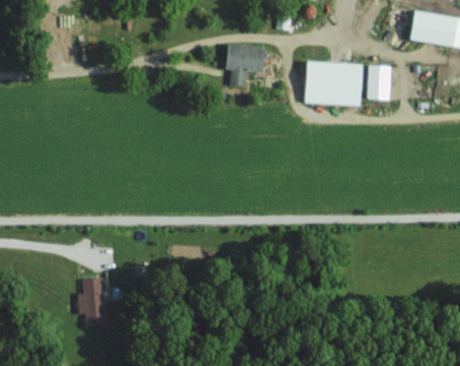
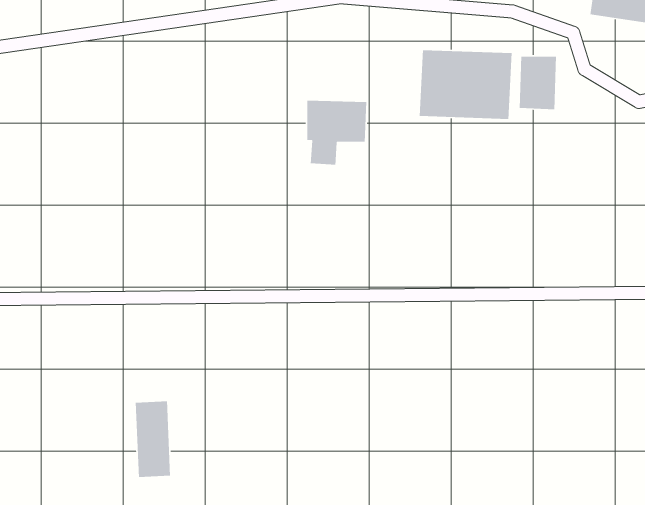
building: [226,45,264,85] -> [306,100,367,166]
building: [80,277,103,324] -> [135,401,171,478]

